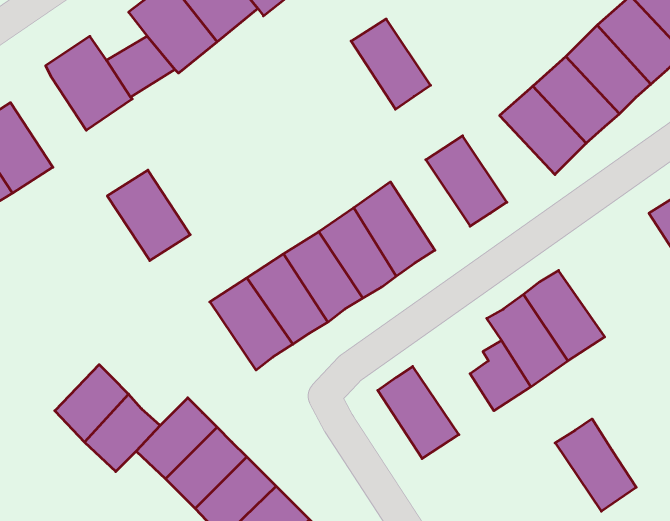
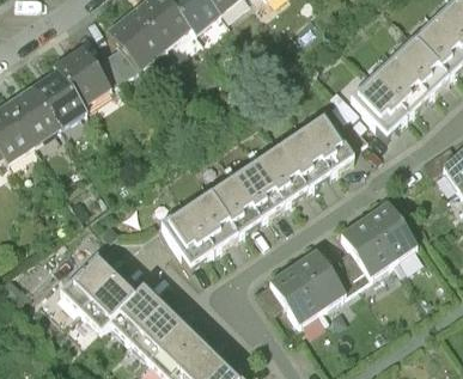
building: [351,19,431,109] -> [278,128,329,187]
building: [107,170,190,261] -> [31,74,85,133]
building: [555,419,636,511] -> [292,246,345,306]

